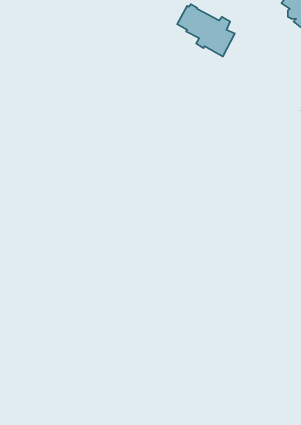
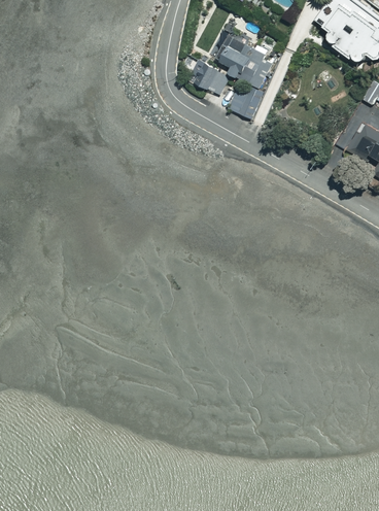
building: none -> [190,61,228,95]
building: none -> [227,80,264,118]

